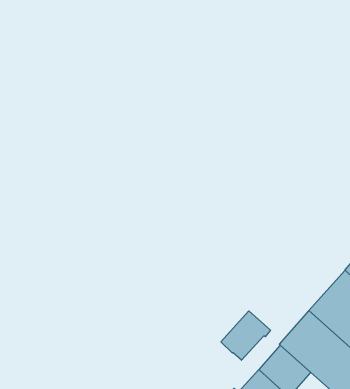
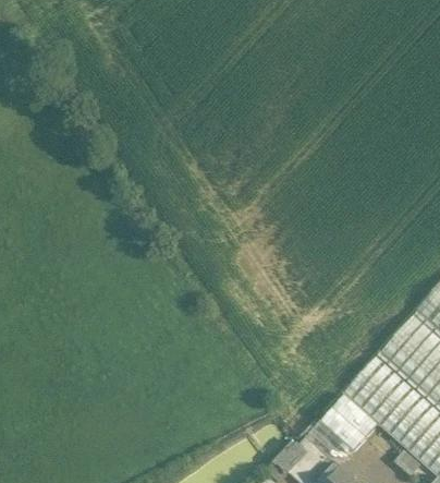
building: [221,311,270,360] -> none

